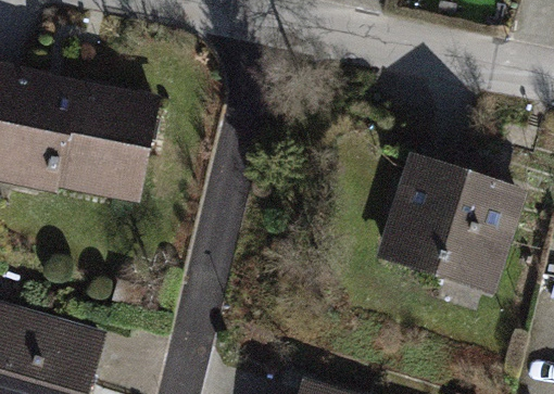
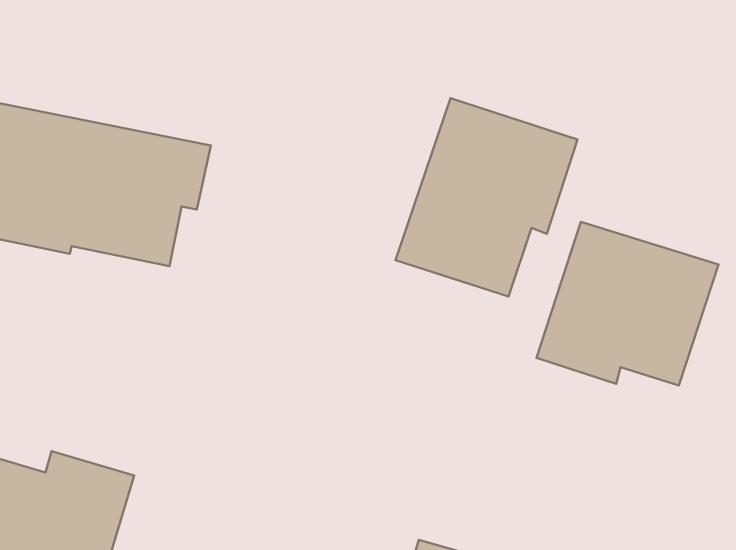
building: none -> [396,98,577,297]

